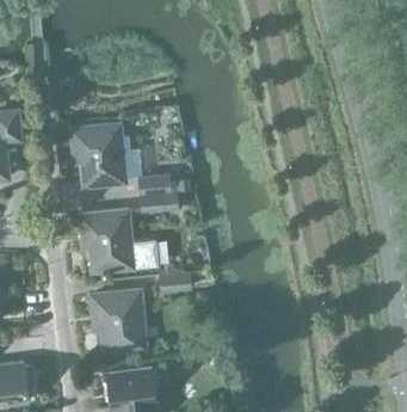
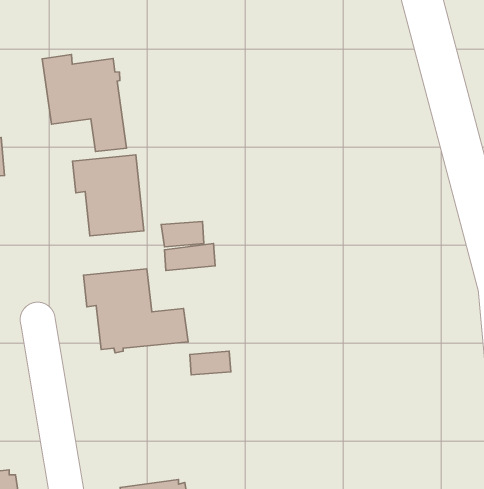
building: none -> [42,54,126,151]
building: [91,290,144,351] -> none

